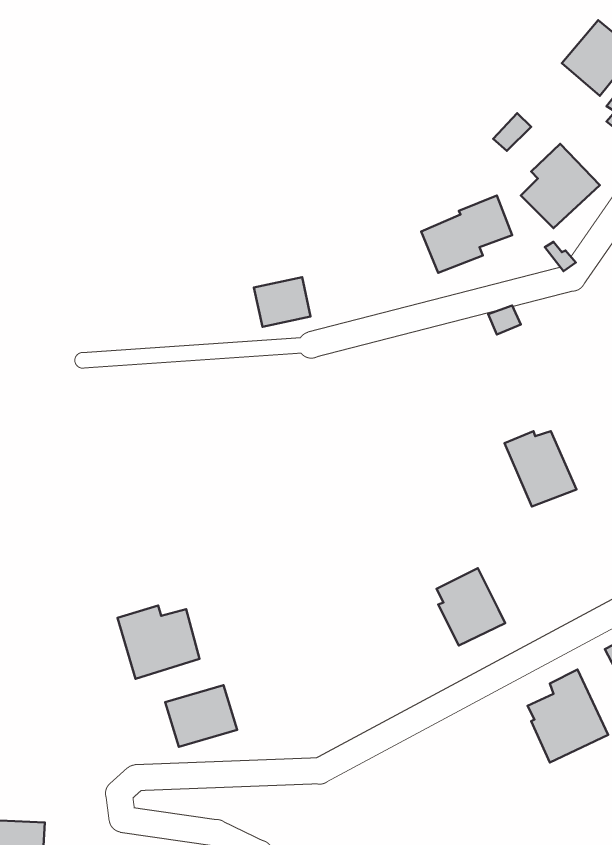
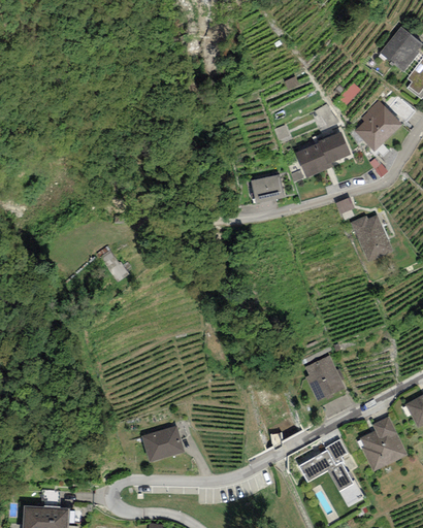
building: [254,277,311,327] -> [251,173,285,203]
building: [504,431,577,507] -> [350,214,393,260]
building: [117,606,200,679] -> none
building: none -> [298,439,364,505]

